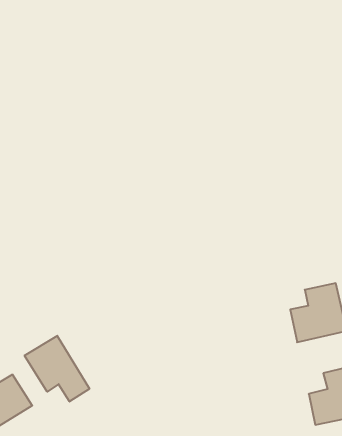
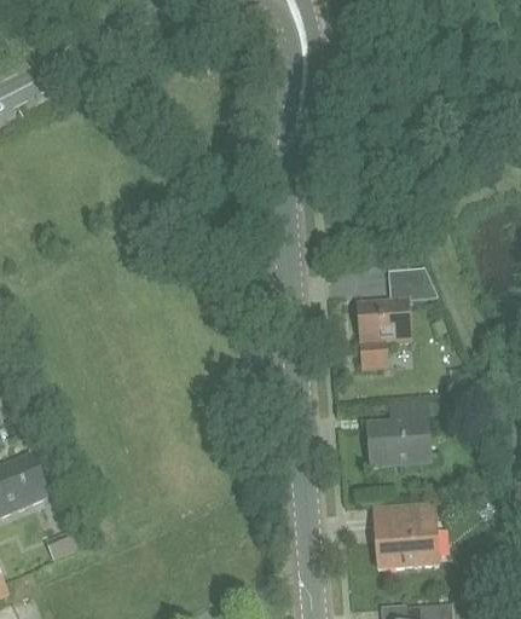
building: none -> [359,268,438,368]
building: [25,336,89,402] -> none

